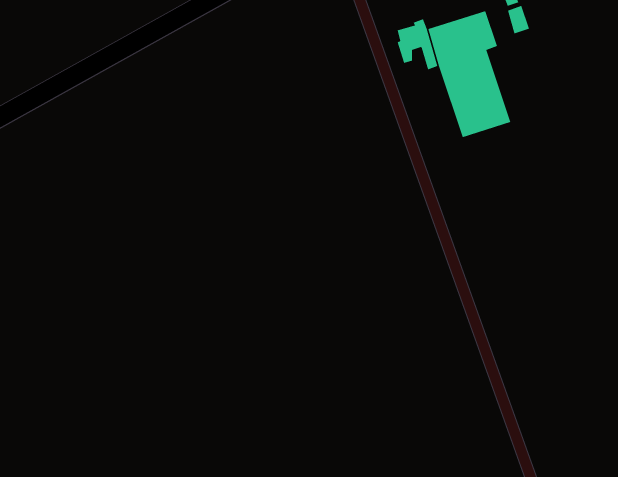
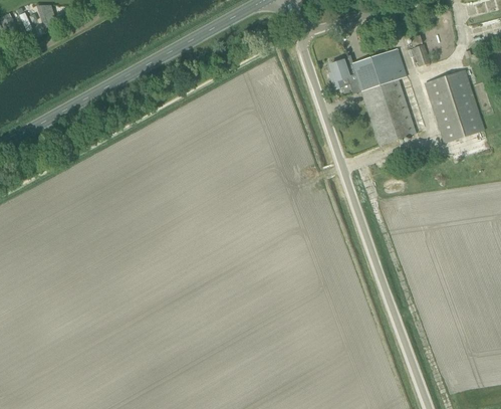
building: none -> [425,69,483,143]

